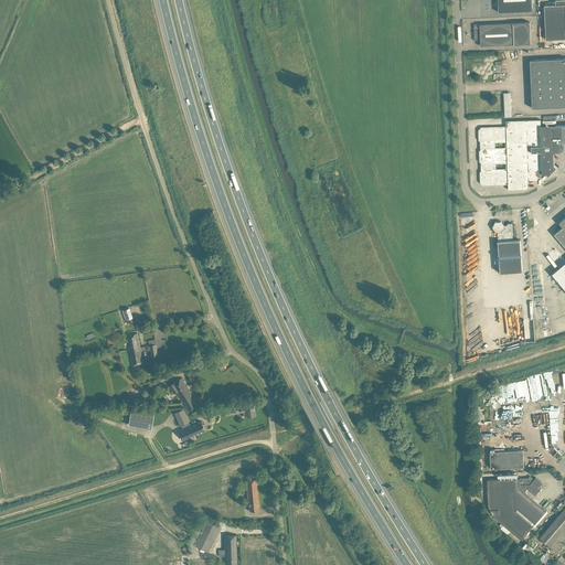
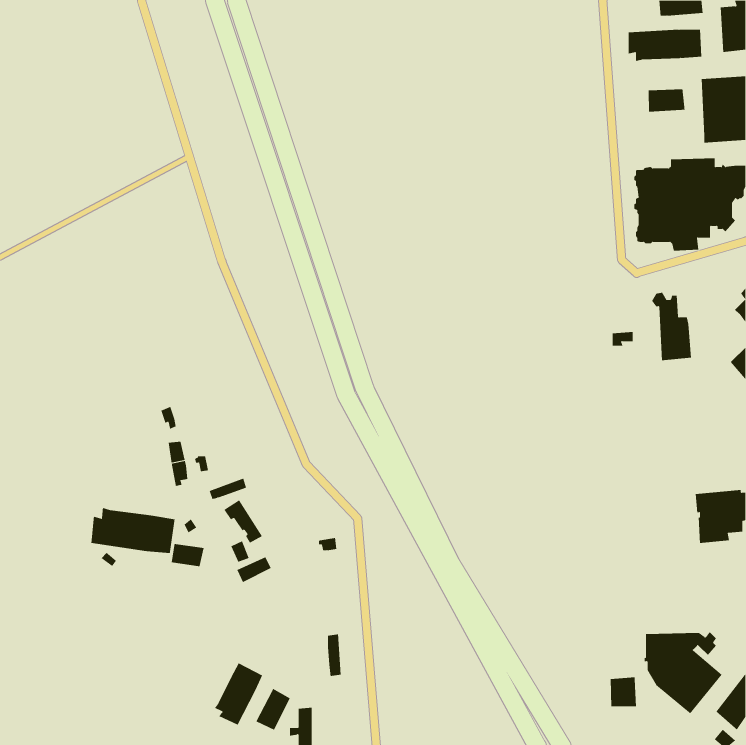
building: none -> [648,89,685,113]
building: none -> [91,507,175,554]
building: [490,451,524,469] -> none
building: none -> [214,663,263,726]
building: none -> [610,677,637,707]

